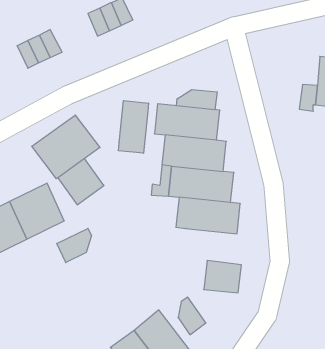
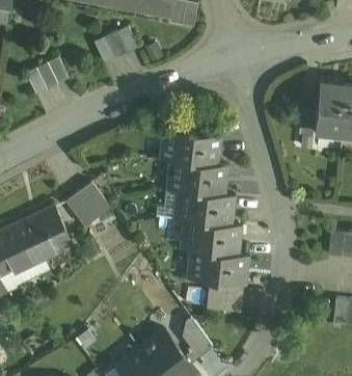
building: [177,90,217,110] -> none
building: [119,101,149,153] -> none
building: [32,115,100,179] -> none
building: none -> [186,249,249,285]
building: [57,228,92,263] -> none

